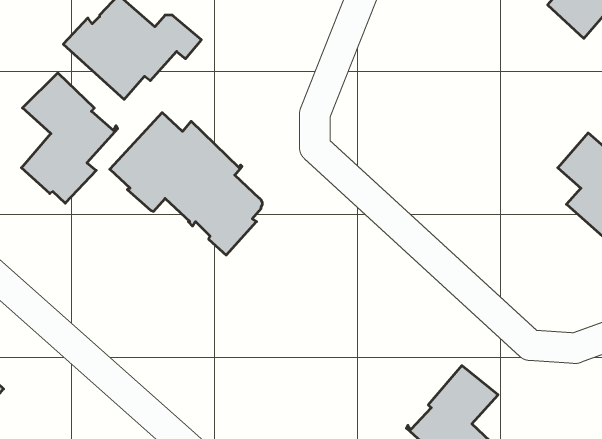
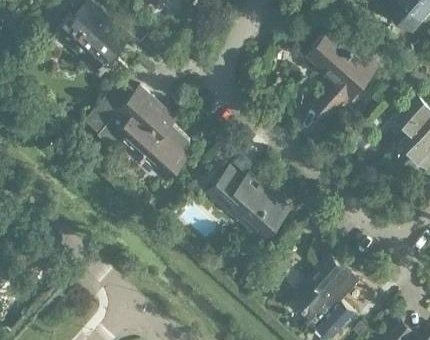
building: none -> [308,30,377,120]
building: [21,73,118,203] -> none
building: none -> [204,168,288,239]

